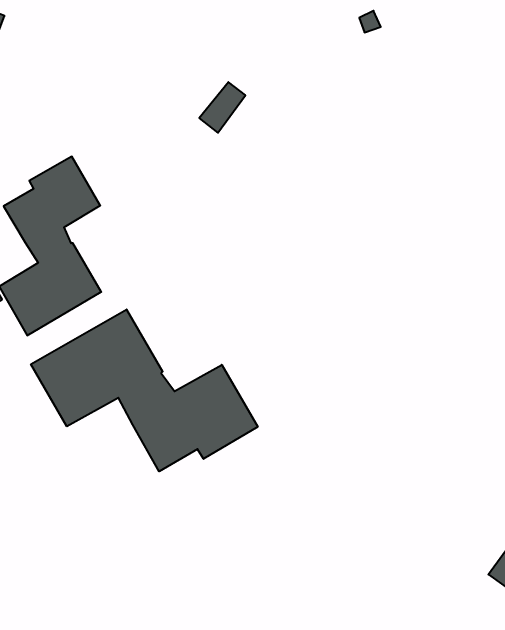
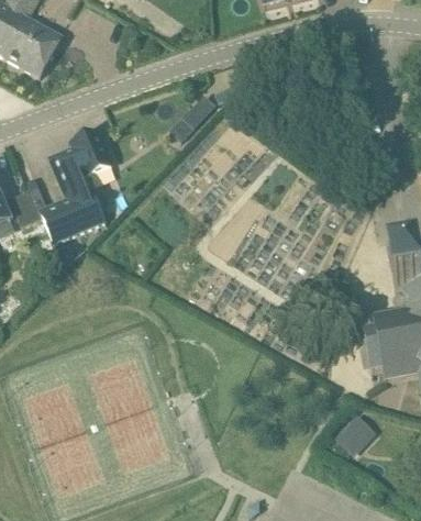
building: [31,309,258,471] -> none

